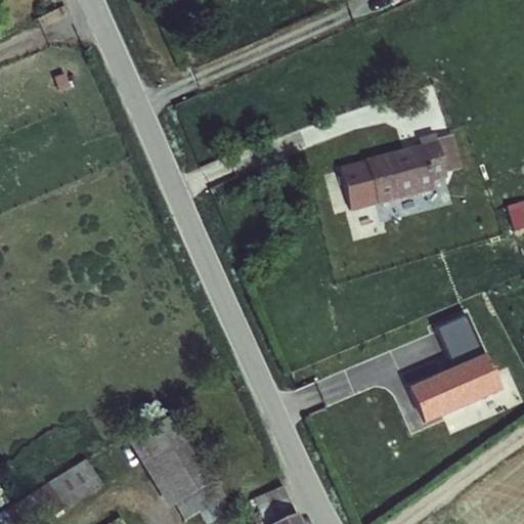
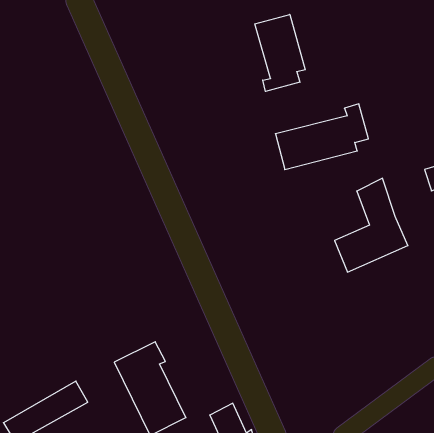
building: none -> [255,14,305,91]
building: [411,317,499,430] -> [335,178,408,272]

